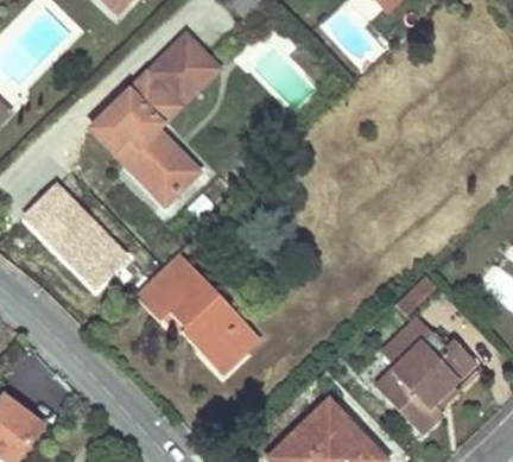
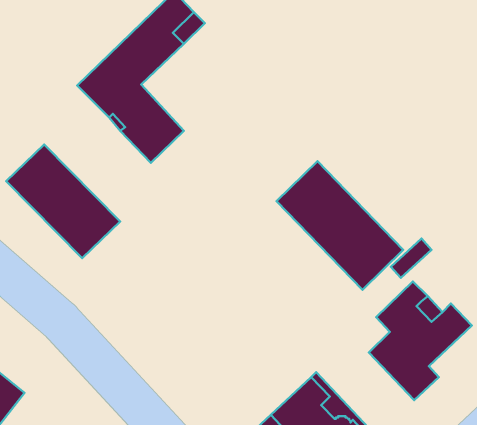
building: none -> [277,161,403,290]
building: [134,251,260,372] -> none

